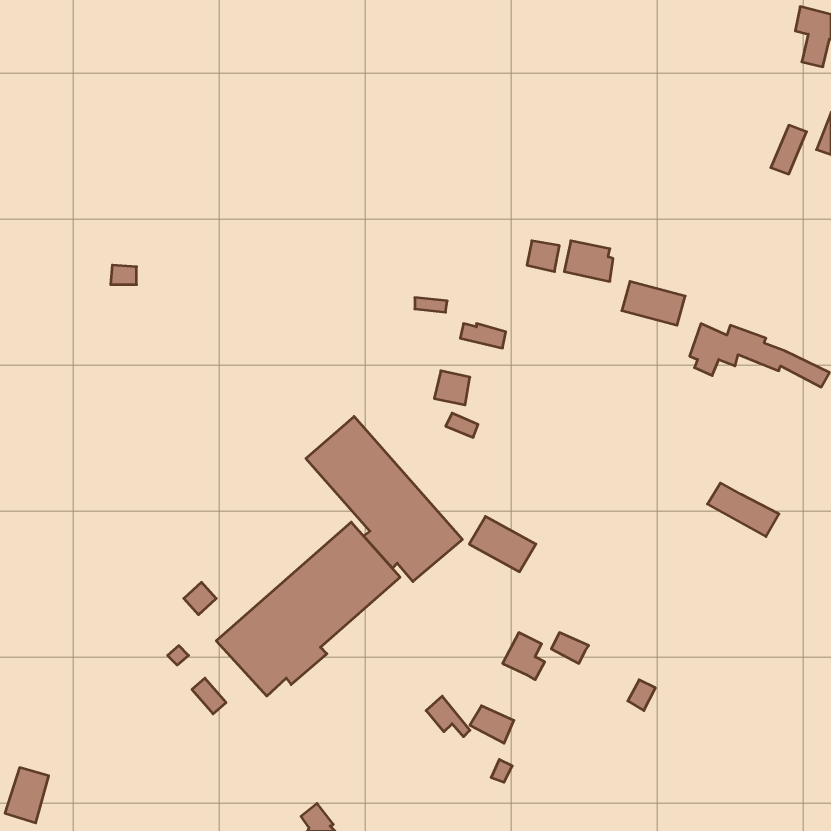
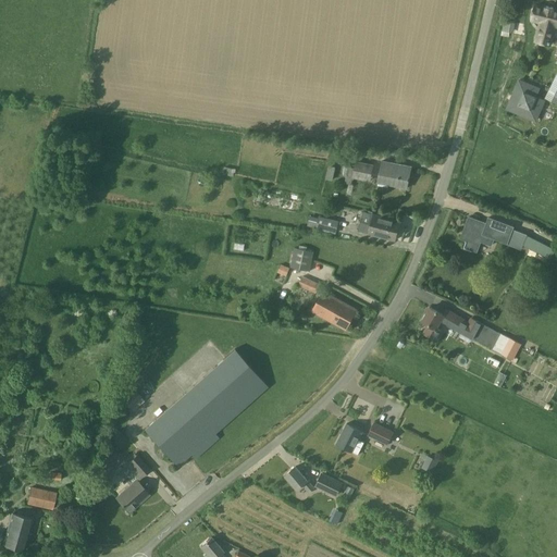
building: [622,281,685,325] -> [358,211,400,240]
building: [306,416,462,582] -> none
building: none -> [422,307,482,341]
building: [469,516,536,572] -> [312,292,357,329]
building: none -> [116,480,150,512]
building: none -> [27,486,57,510]

